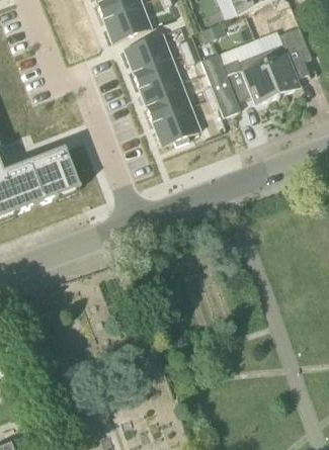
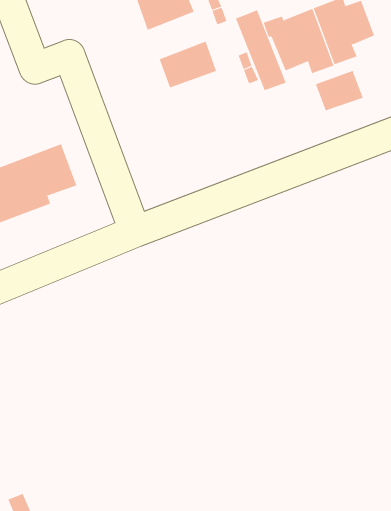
building: [134,54,179,90] -> none
building: none -> [315,70,364,111]
building: [151,99,196,136] -> none

